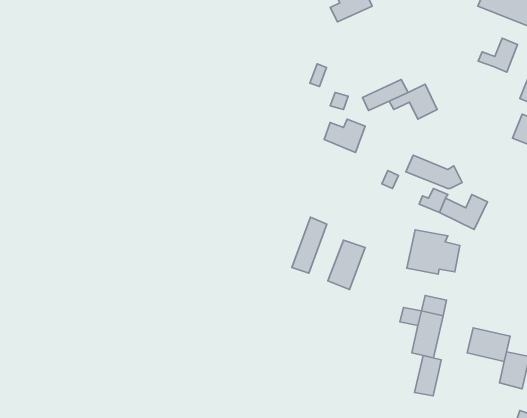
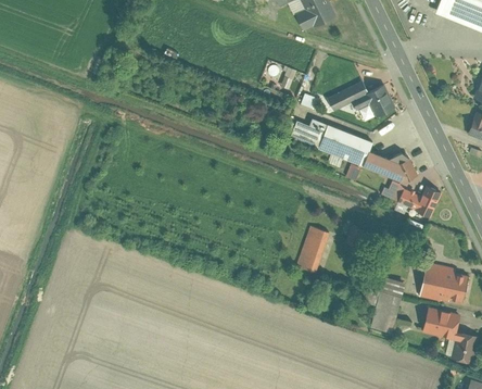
building: [478,38,518,72] -> none
building: none -> [322,124,375,165]
building: [292,217,327,273] -> none
building: [407,230,460,274] -> [419,261,467,301]
building: [415,355,441,396] -> none

